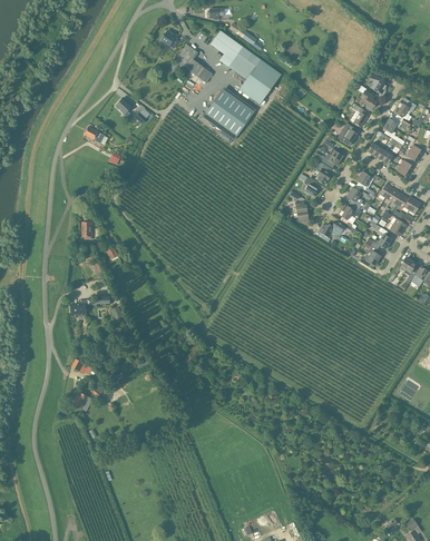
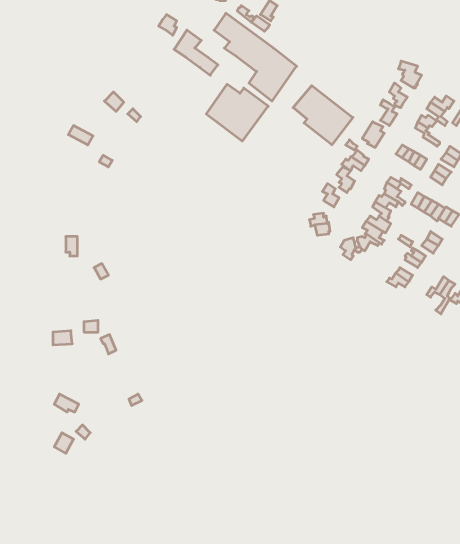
building: none -> [293,86,353,145]

